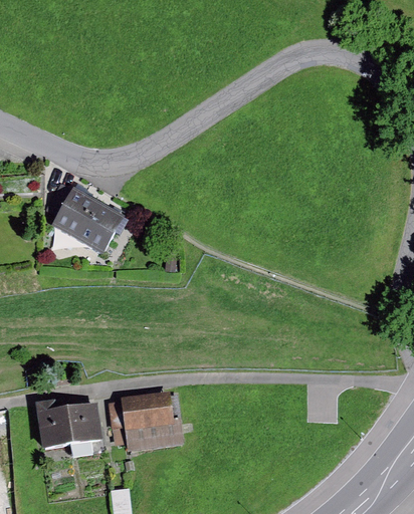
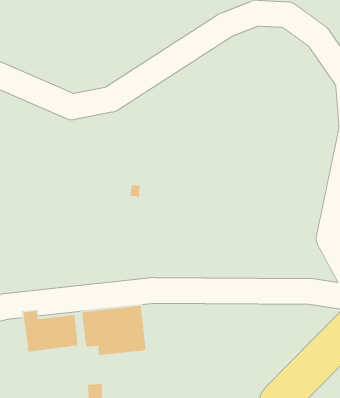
building: [44,180,122,253] -> none

